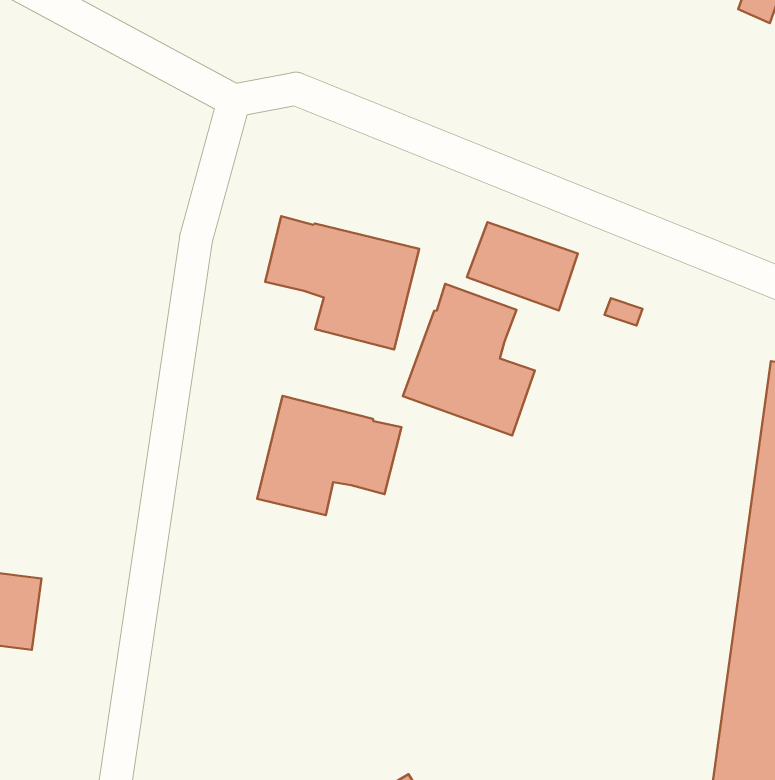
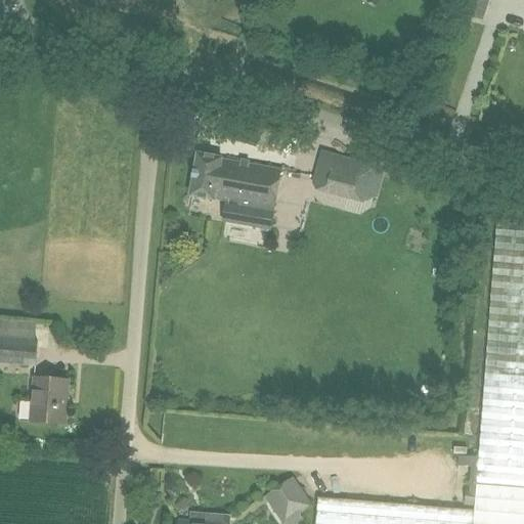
building: [403,284,535,436] -> none
building: [257,396,401,515] -> none

